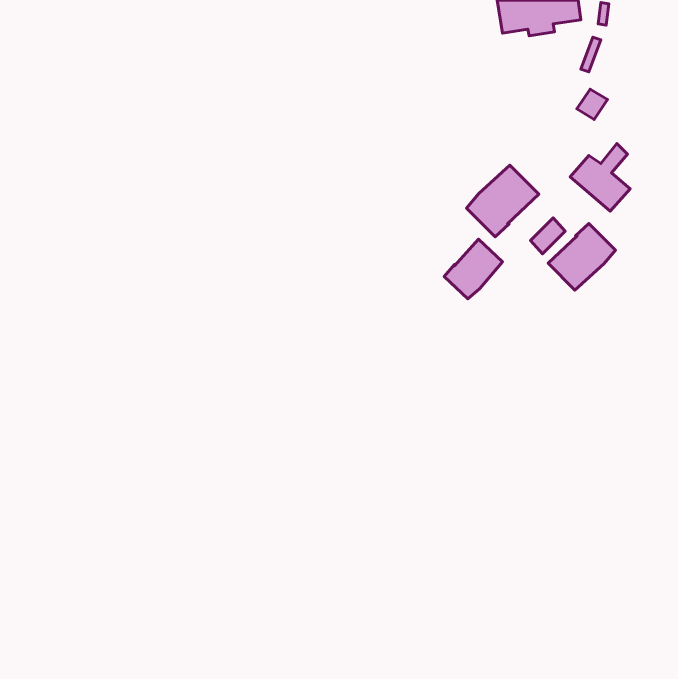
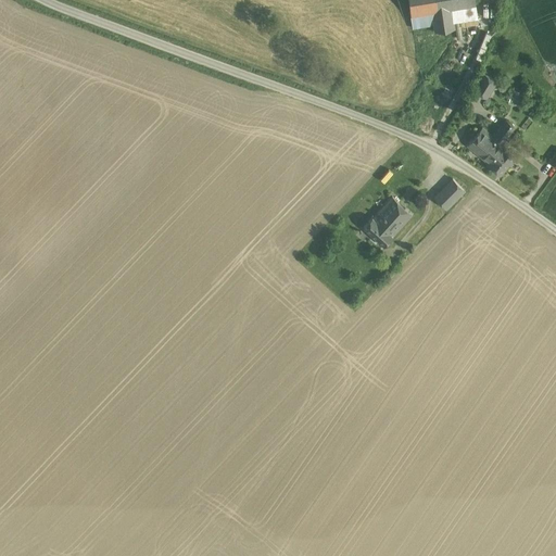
building: [466,165,539,237] -> none
building: [548,223,615,290] -> none

